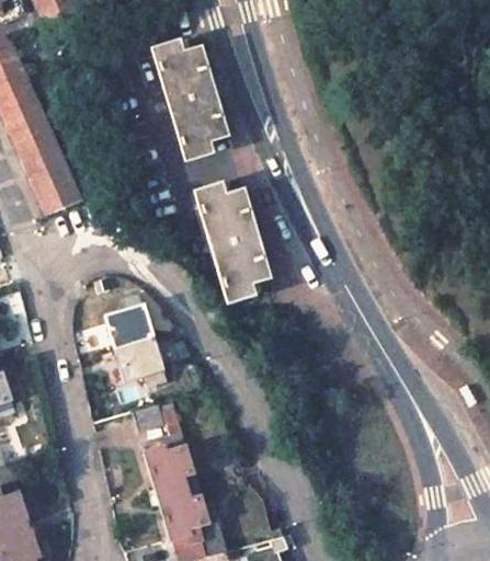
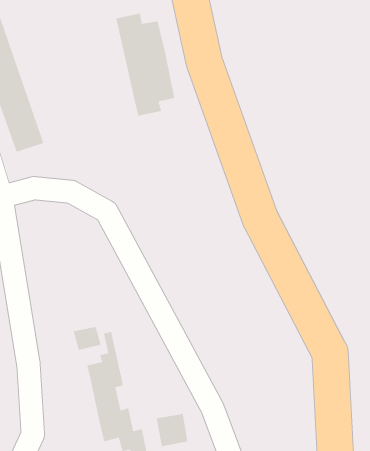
building: [193,182,269,302] -> none
building: [109,304,169,396] -> none

